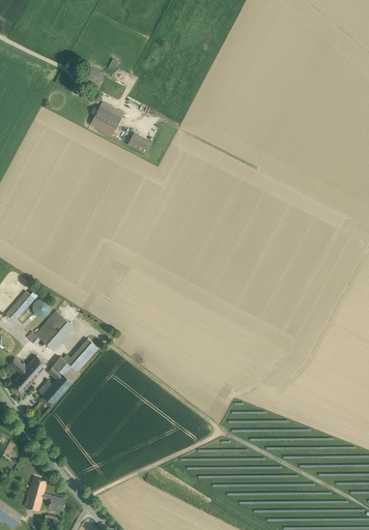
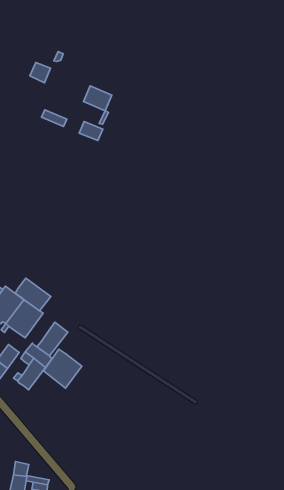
building: [93,101,123,128] -> [83,86,112,111]
building: none -> [15,278,51,311]
building: none -> [43,349,82,388]

